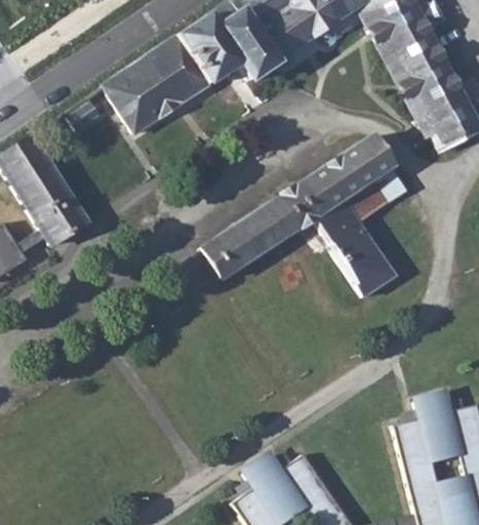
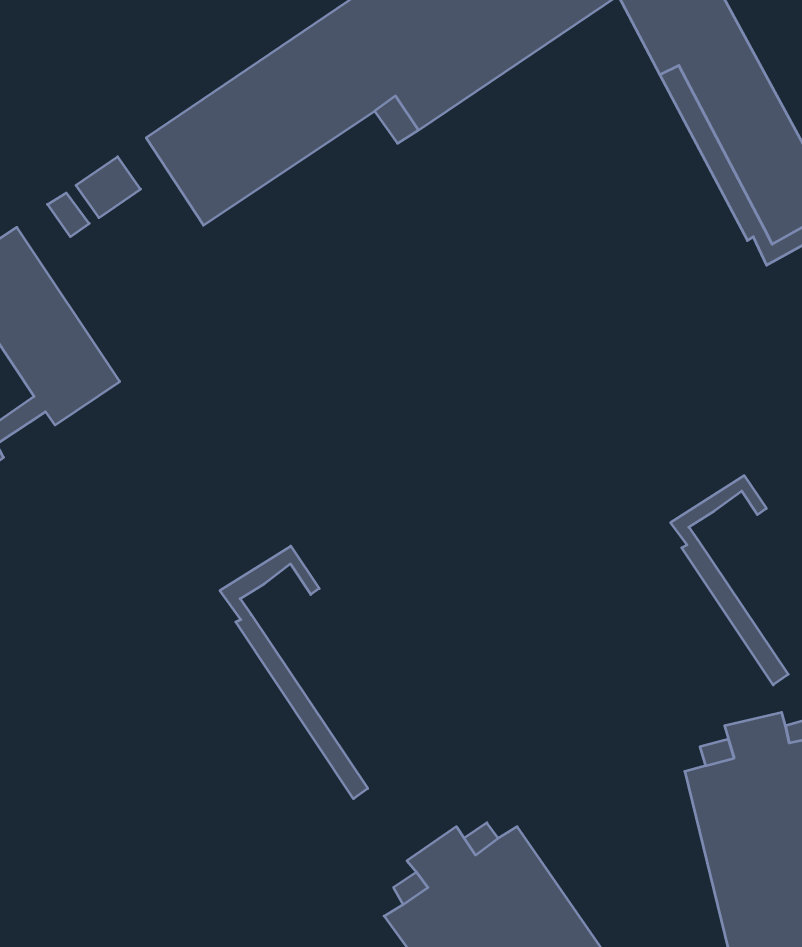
building: [200,137,406,297] -> none
building: none -> [671,476,788,685]
building: none -> [220,546,368,799]

